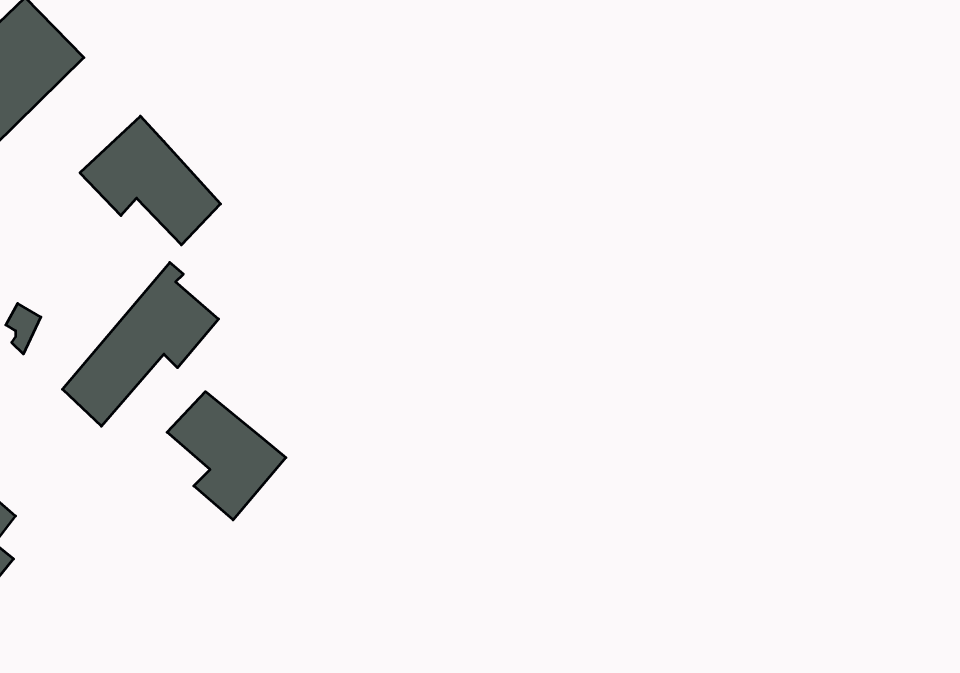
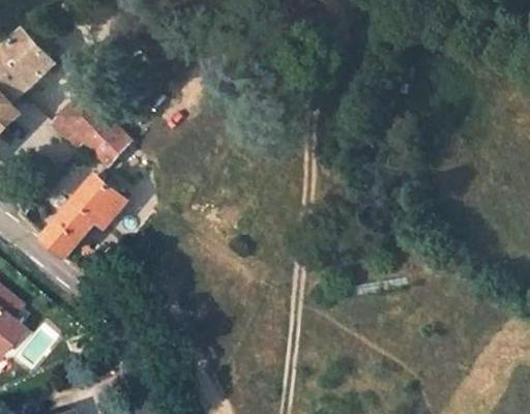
building: [167,392,286,520] -> none

